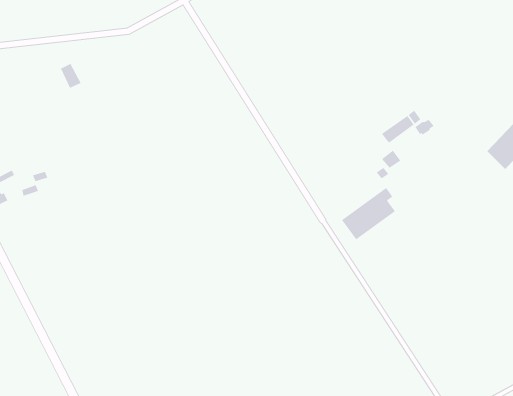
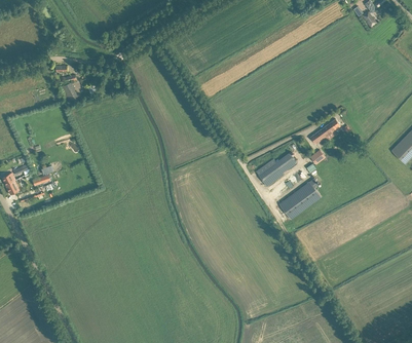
building: none -> [255,153,296,187]

